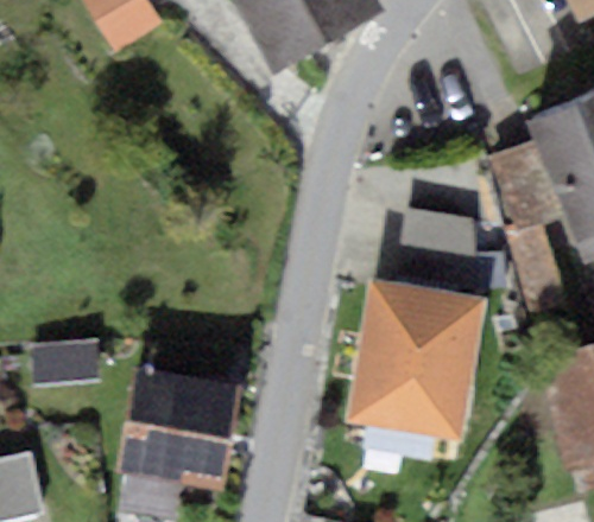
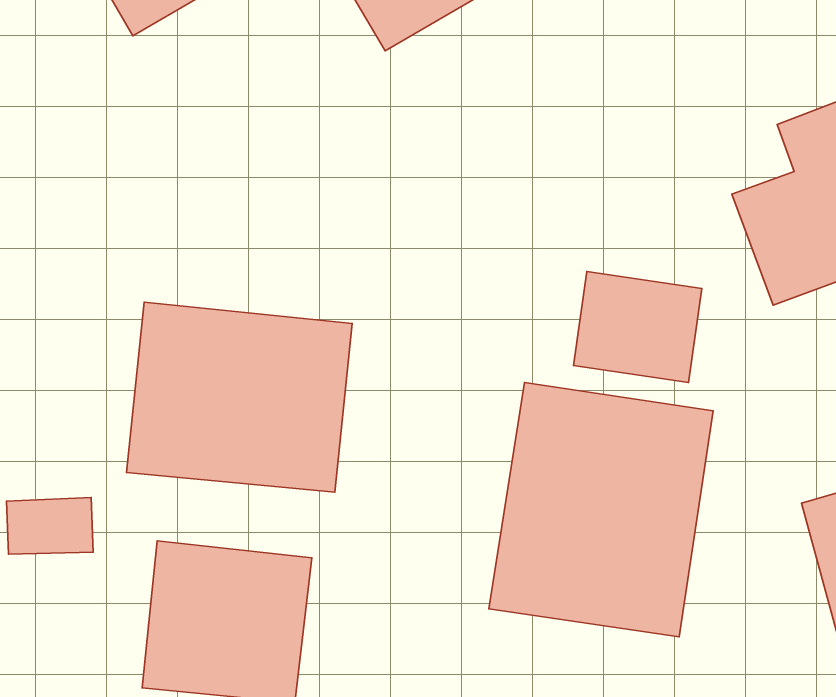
building: none -> [127,302,352,492]

